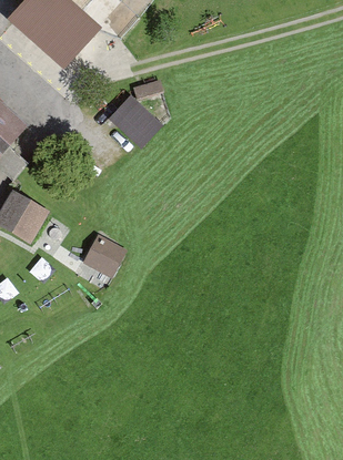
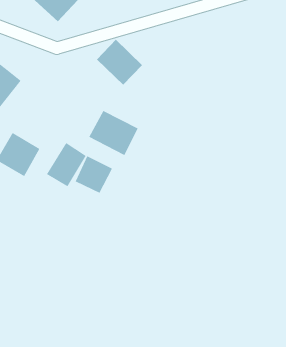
building: none -> [88,110,139,156]
building: none -> [46,142,87,187]

